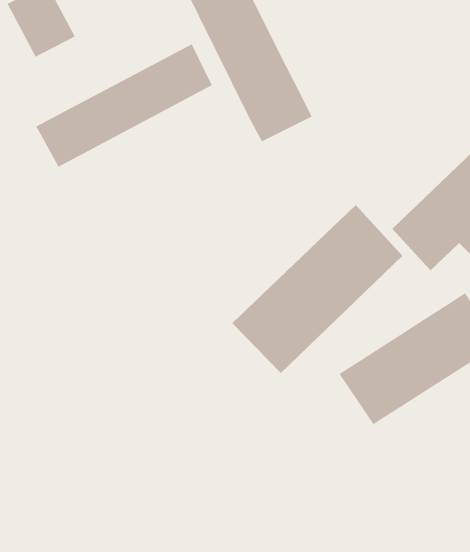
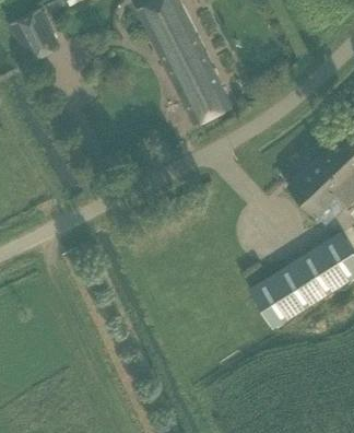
building: [35,43,213,168] -> none
building: [231,204,403,374] -> none

